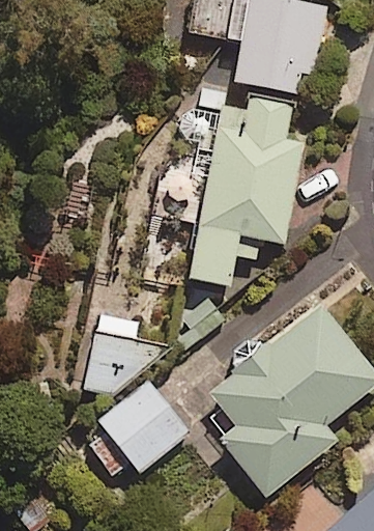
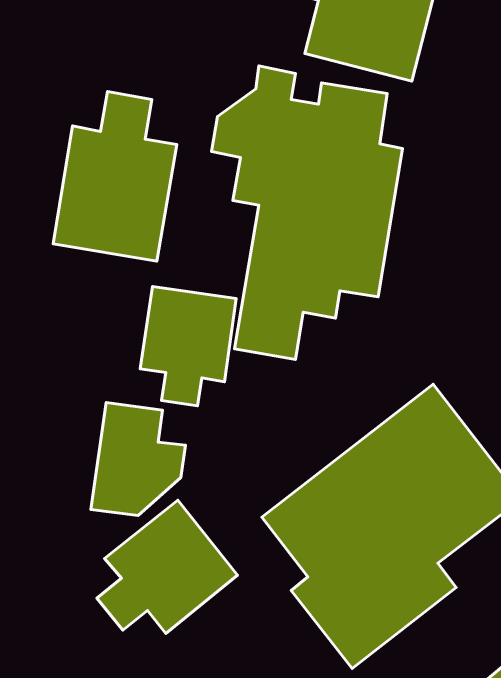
building: none -> [53,92,177,261]
building: none -> [140,287,236,406]

